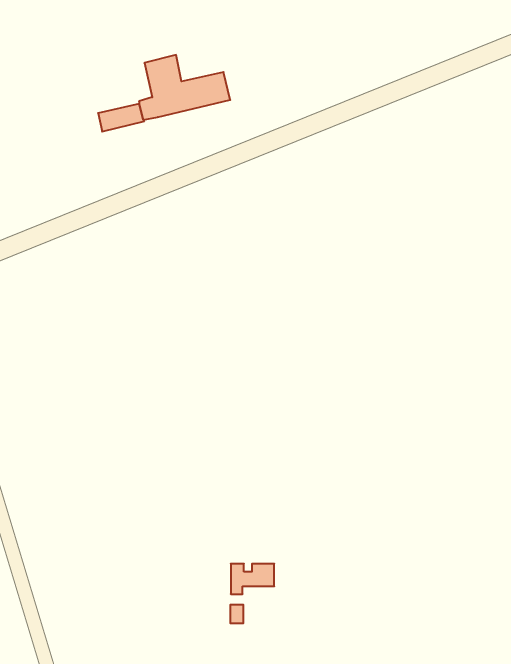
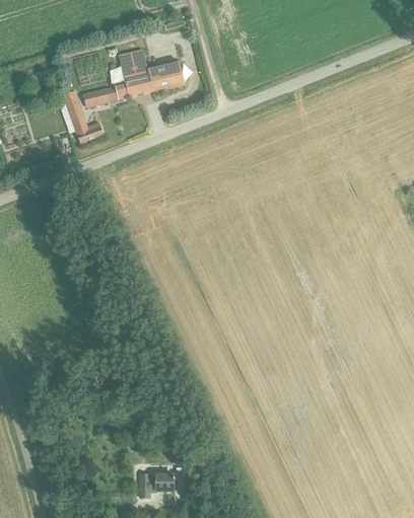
building: none -> [63,90,104,143]
building: [231,564,274,594] -> [140,472,174,496]

